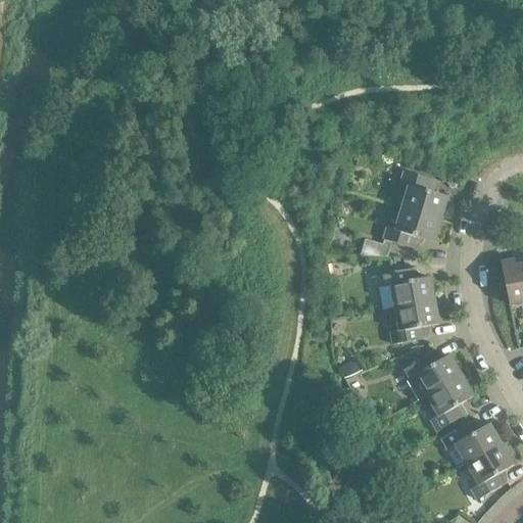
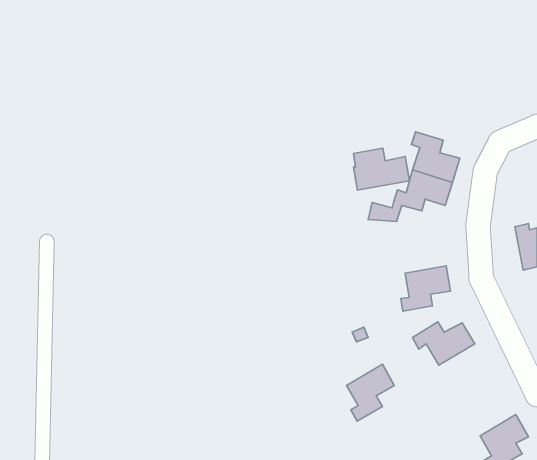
building: [380,268,434,308] -> [353,148,409,190]
building: [427,375,473,430] -> [347,364,394,421]
building: [441,420,502,464] -> none

